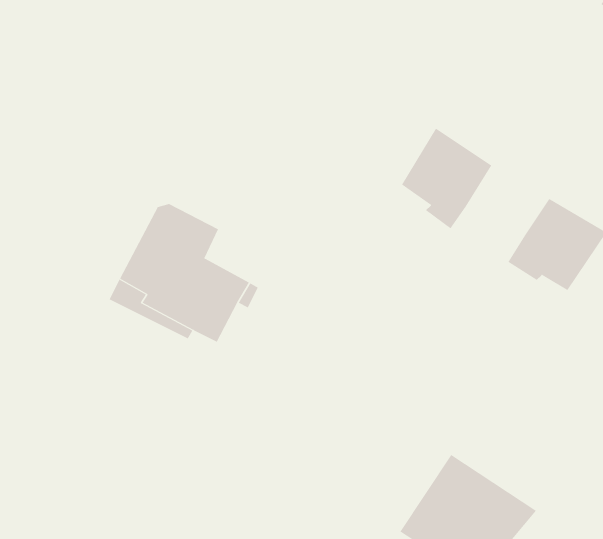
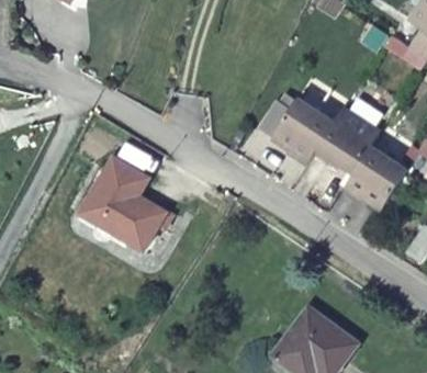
building: none -> [316,112,377,169]

